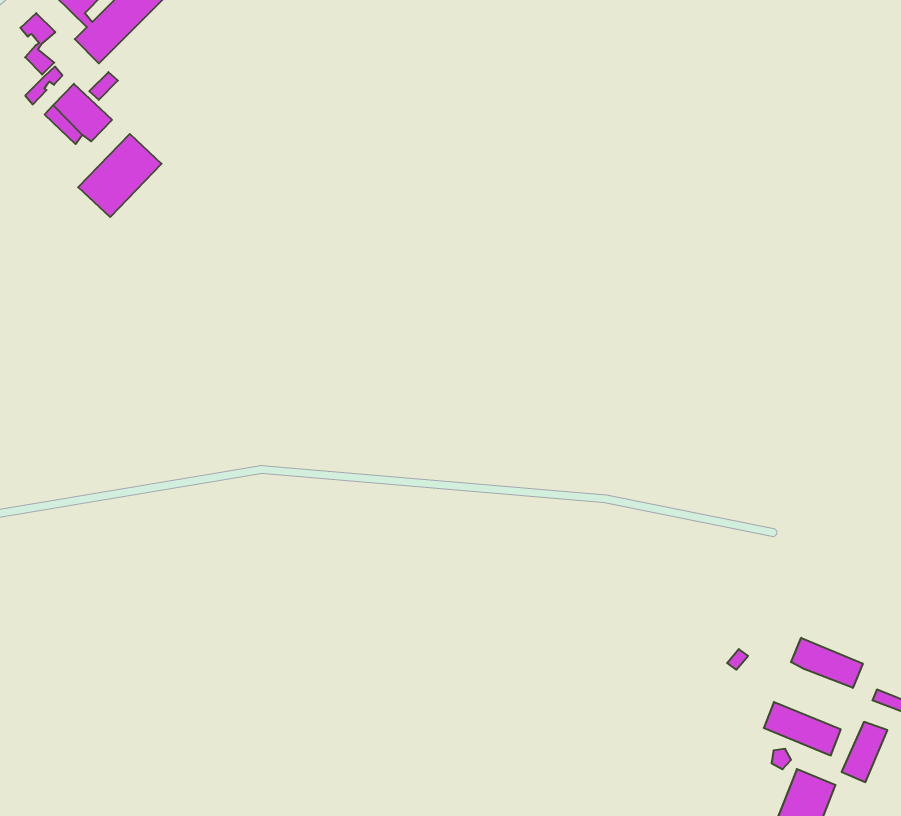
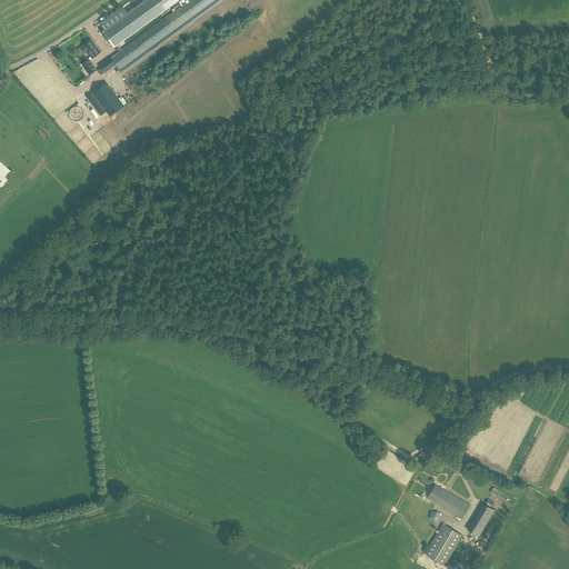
building: [78,134,162,217] -> none
building: [791,638,863,688] -> none

